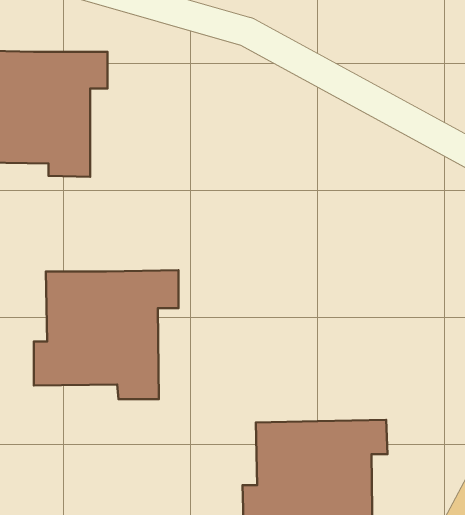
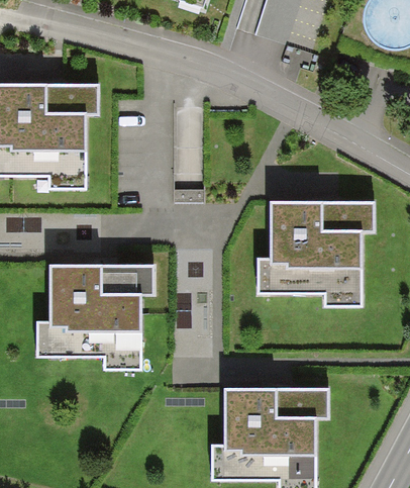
building: none -> [260,199,379,305]

